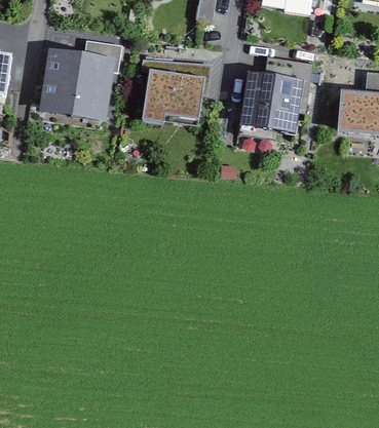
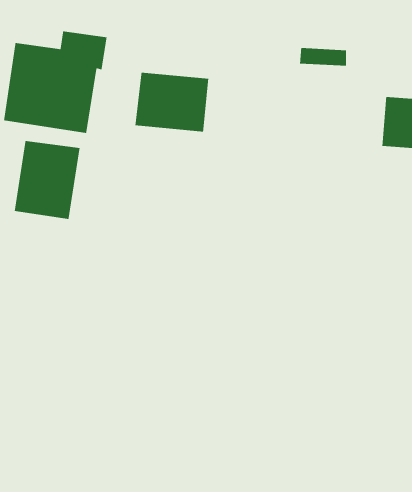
building: [240,72,306,131] -> none
building: none -> [14,140,80,220]

